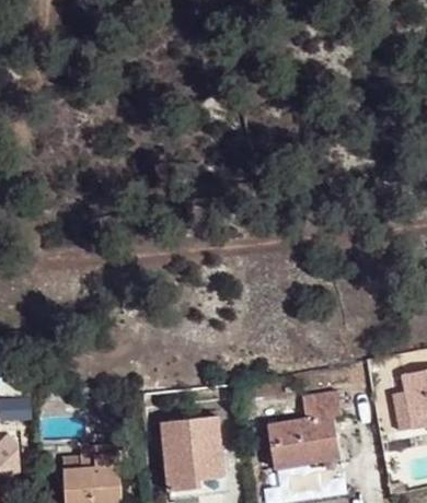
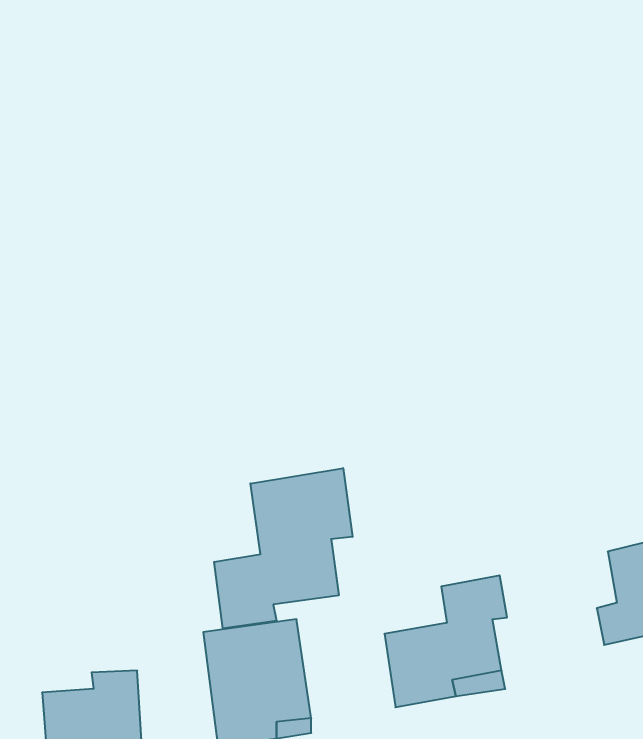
building: none -> [214,468,352,629]

